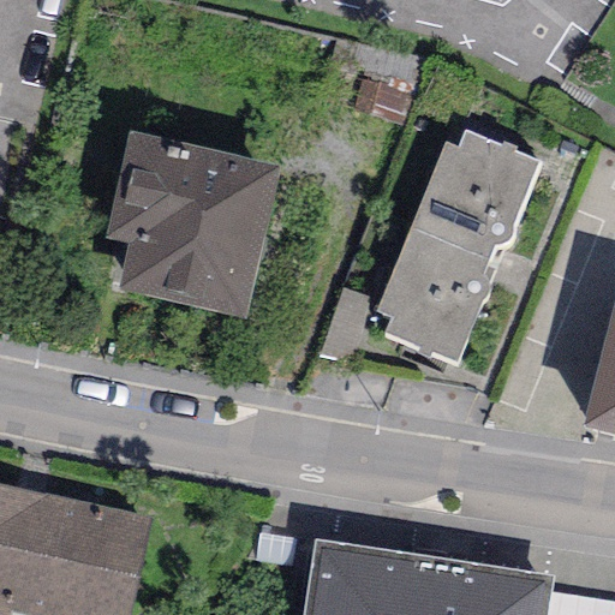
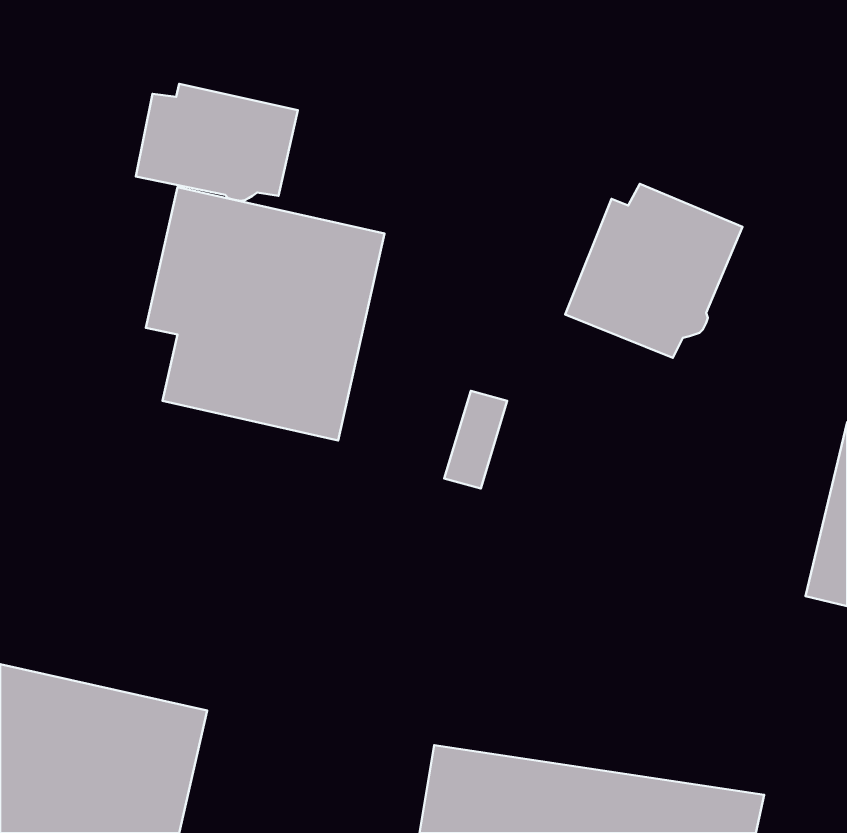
building: none -> [136,84,298,201]
building: [376,228,489,359] -> none

